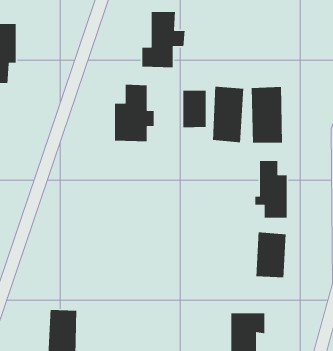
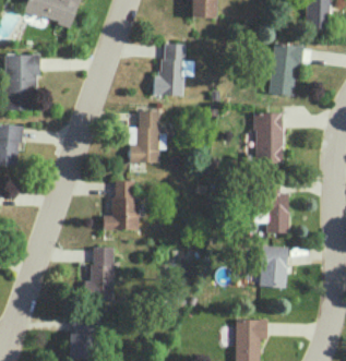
building: [212,86,244,143] -> [271,44,300,96]
building: [183,90,207,128] -> none
building: none -> [103,181,139,229]
building: none -> [83,248,114,300]

